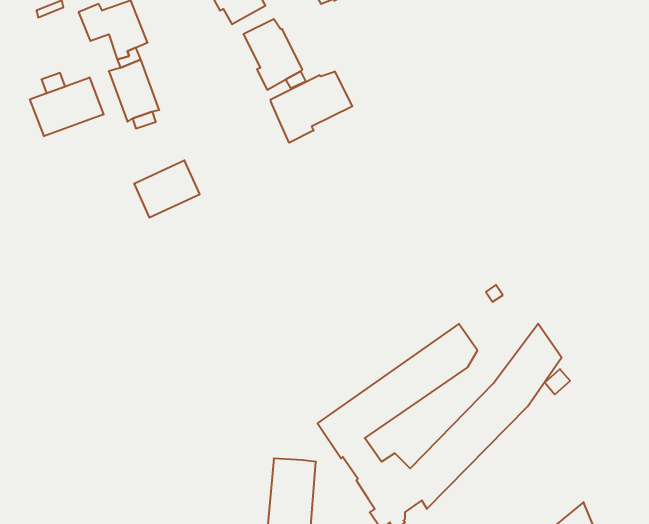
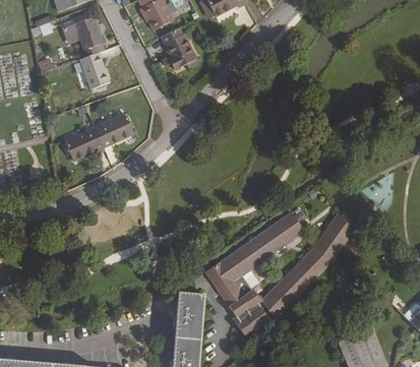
building: [271,71,352,143] -> none
building: [30,77,104,136] -> none
building: none -> [64,126,104,160]

